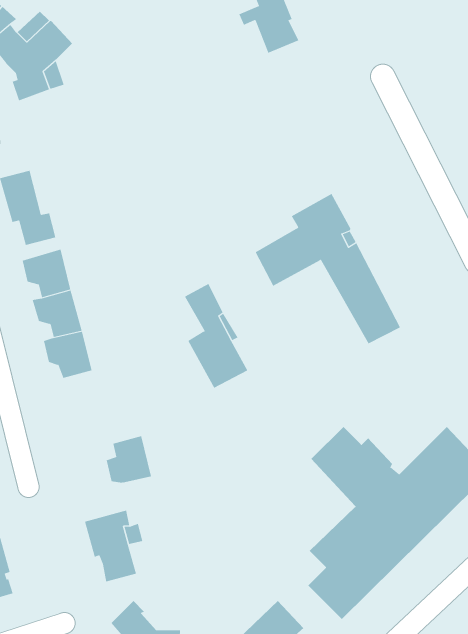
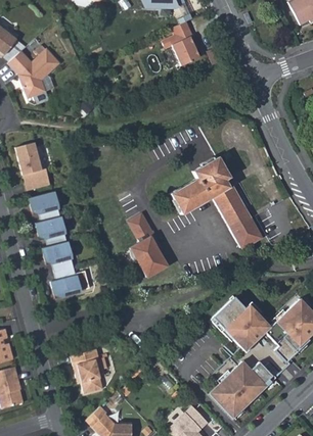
building: [106,435,152,483] -> [50,263,79,293]

